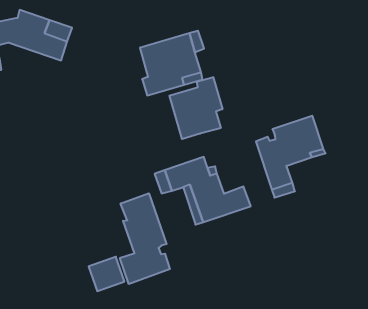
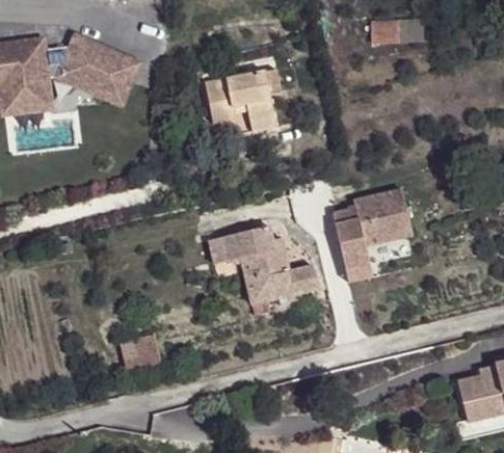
building: [169,77,222,139] -> none
building: [120,193,170,284] -> none

